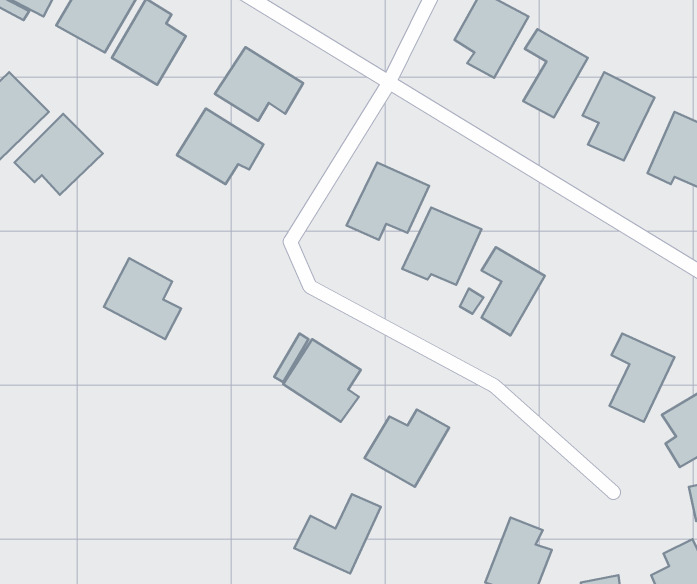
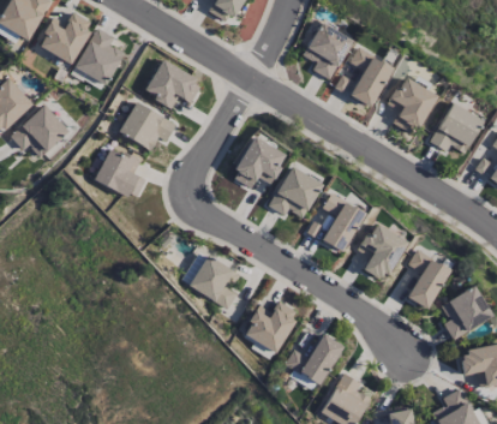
building: [104,258,181,339] -> [95,145,146,199]
building: none -> [358,221,407,280]
building: [294,494,381,573] -> [283,334,341,387]

